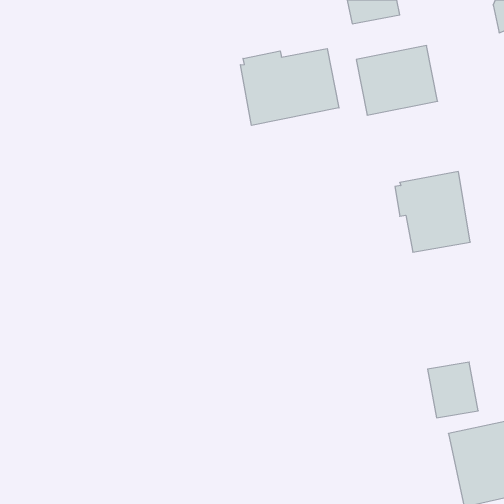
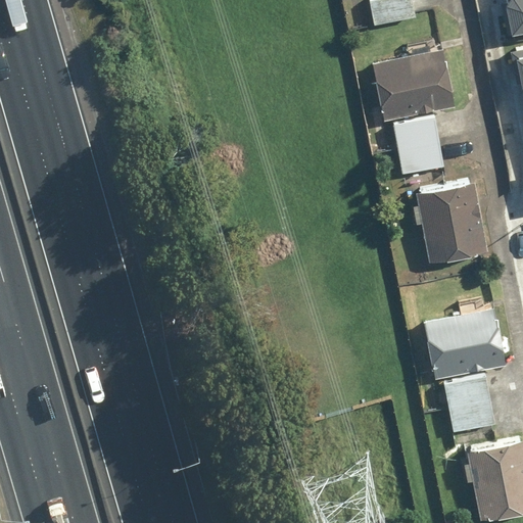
building: [240,49,339,125] -> none
building: none -> [392,116,445,175]
building: none -> [424,310,507,380]

